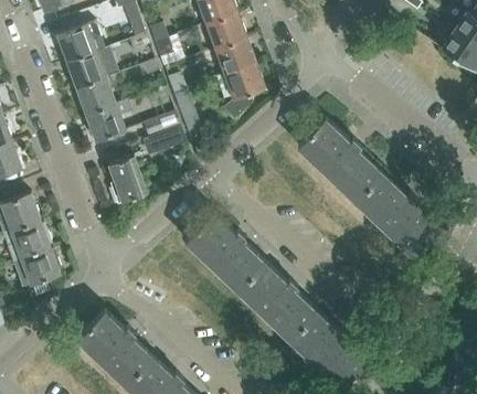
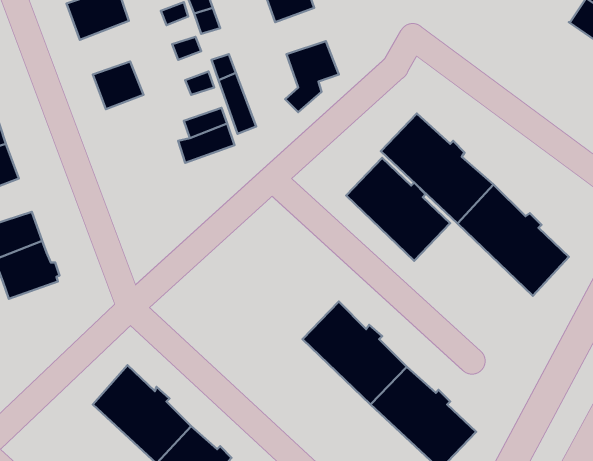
building: [215,39,254,74] -> none
building: [66,47,117,89] -> none
building: [86,100,131,142] -> none
building: [107,157,148,205] -> none
building: [184,213,264,291] -> [346,158,450,261]
building: [12,247,61,288] -> none

